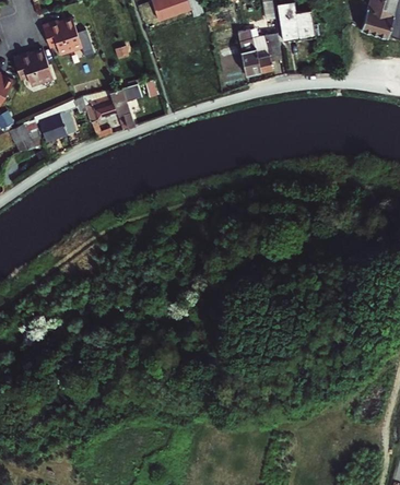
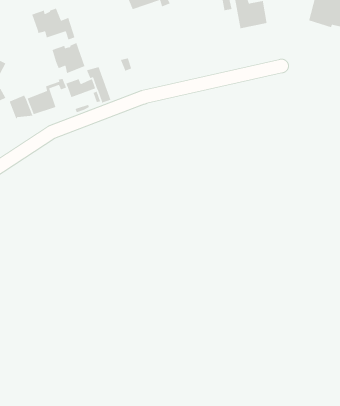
building: [240,32,282,73] -> none
building: [13,47,52,84] -> [51,42,85,74]

